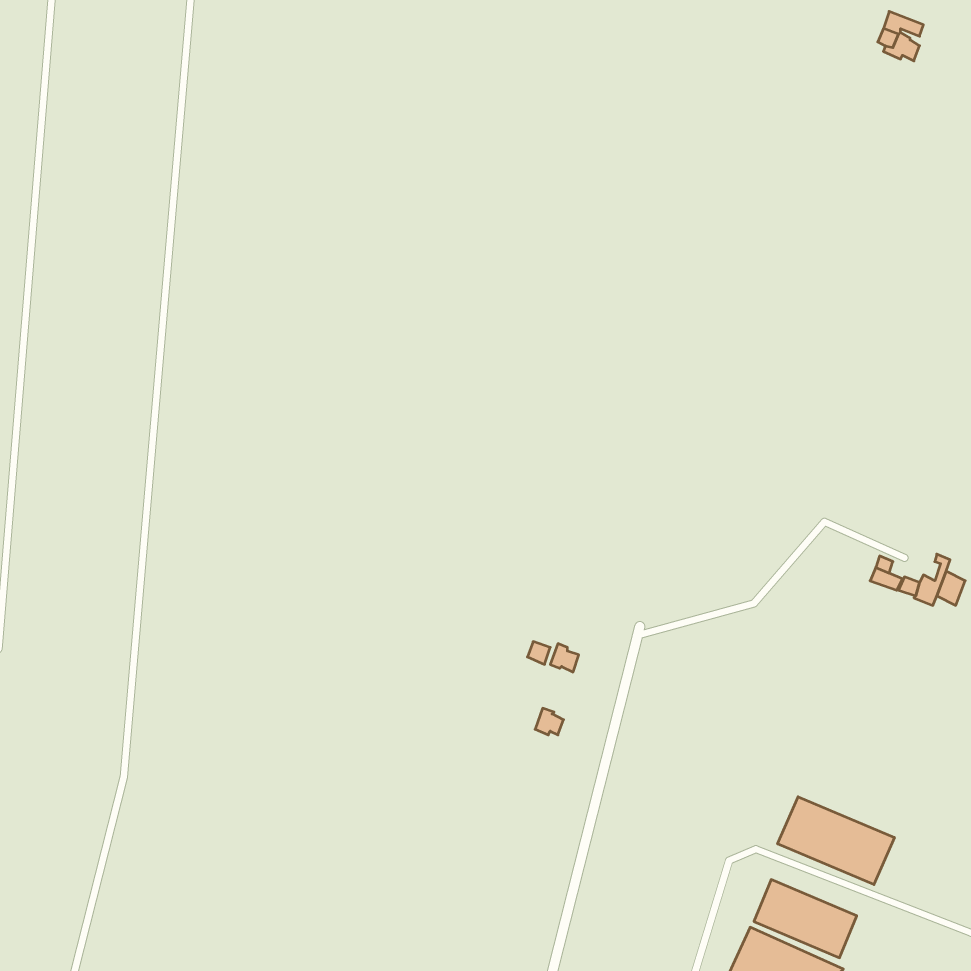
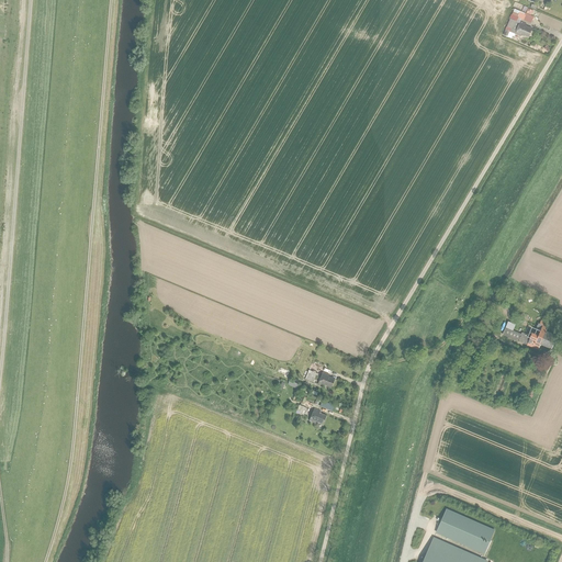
building: [778,797,894,885] -> none

